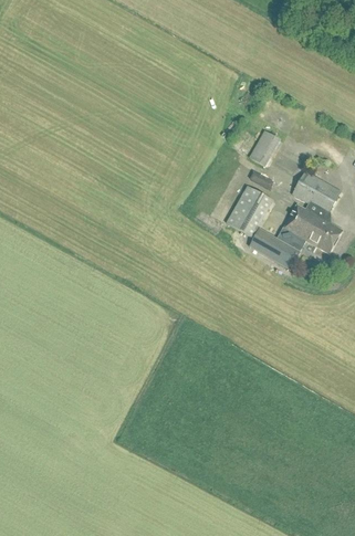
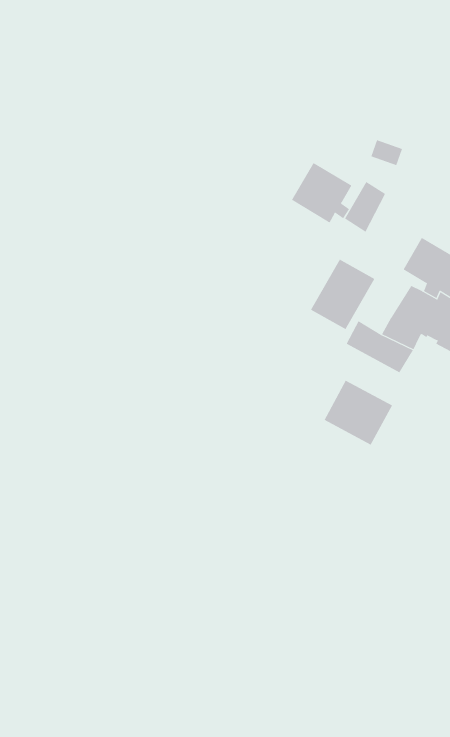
building: none -> [291,162,352,223]
building: none -> [324,380,393,445]

